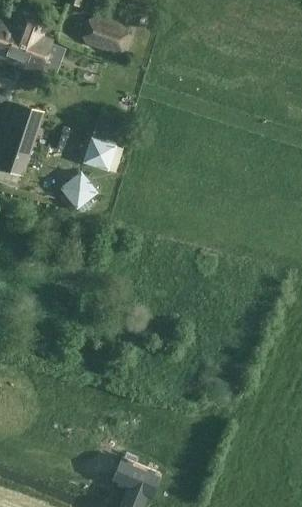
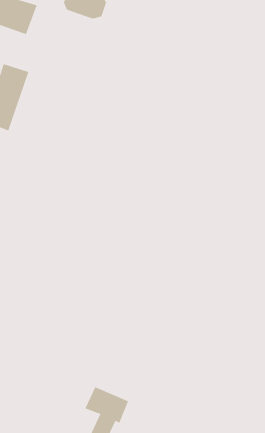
building: [81,137,116,172] -> none
building: [59,171,97,210] -> none

